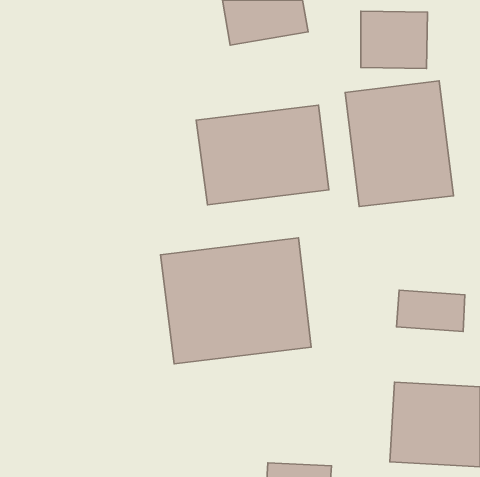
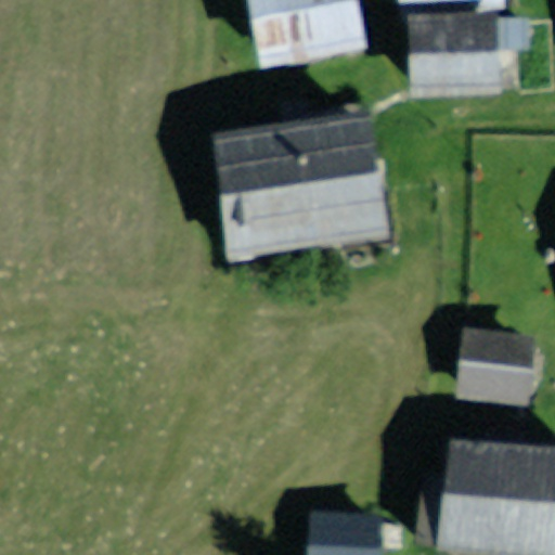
building: [345,81,453,207] -> none
building: [161,238,311,364] -> none

